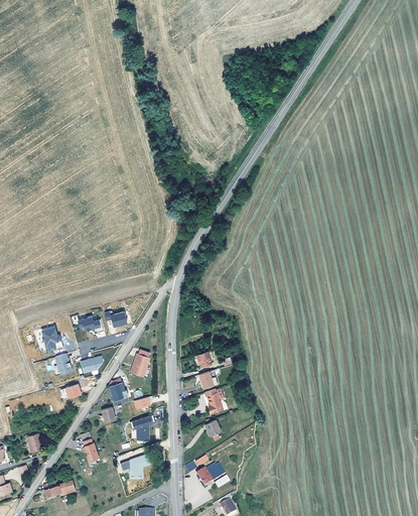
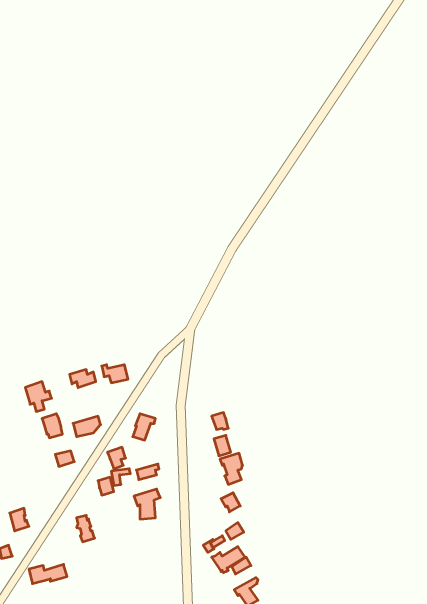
building: [123,455,154,480] -> none

